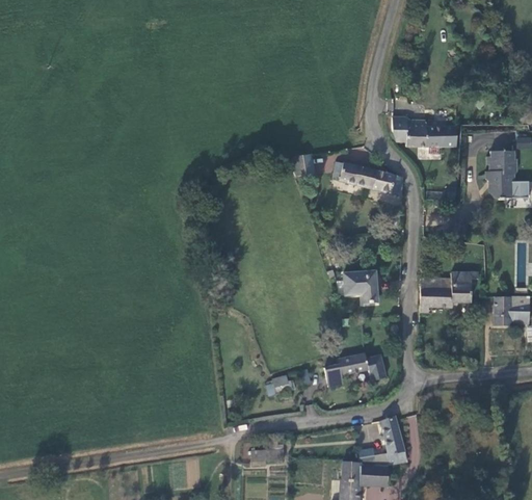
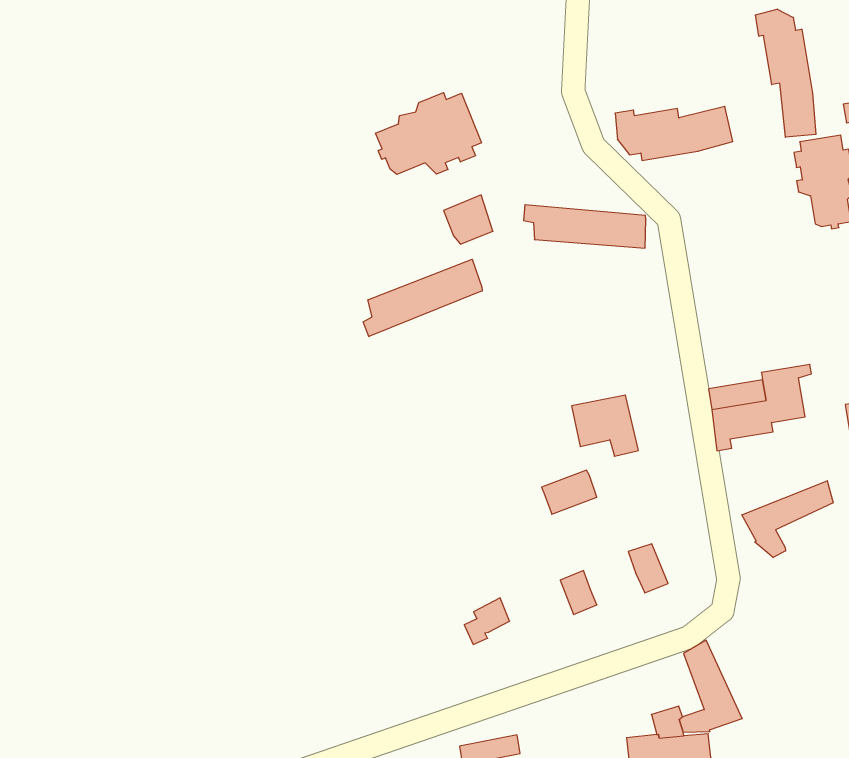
building: none -> [755,9,816,137]
building: none -> [376,93,481,174]
building: none -> [363,259,482,337]
building: none -> [742,481,833,558]
building: [335,354,364,375] -> [542,470,597,514]

